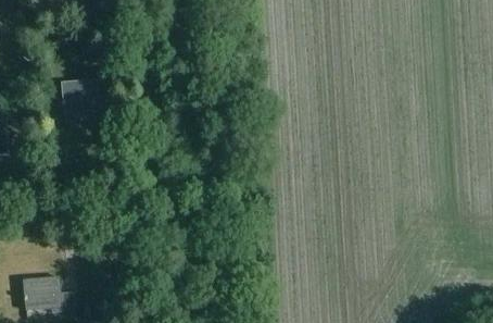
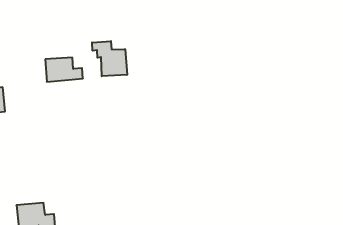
building: none -> [92,41,127,76]

